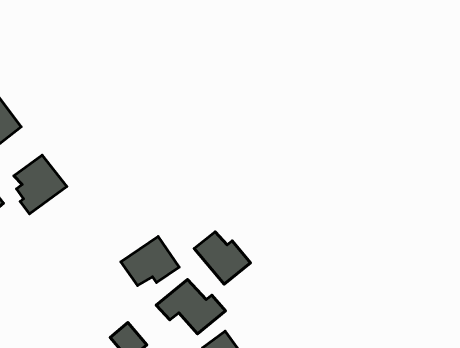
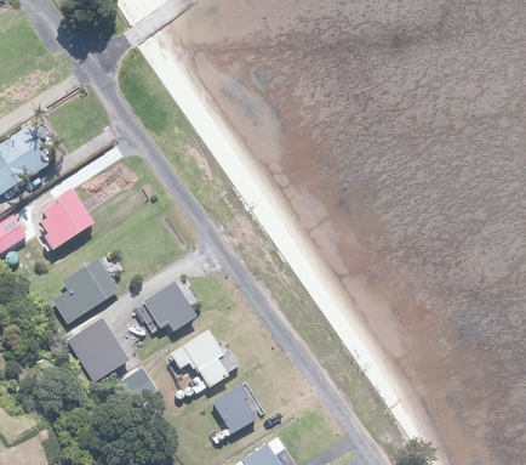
building: none -> [53,260,121,324]
building: [194,232,250,284] -> none
building: none -> [68,321,127,382]

